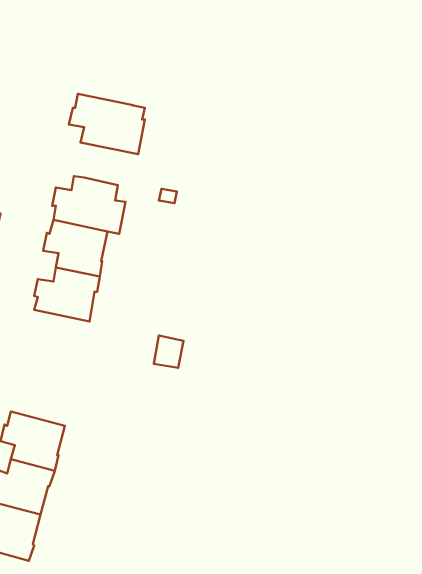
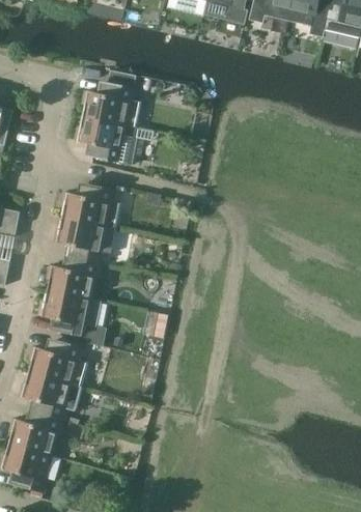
building: none -> [82,72,141,129]
building: none -> [39,291,101,338]
building: none -> [28,339,88,388]

